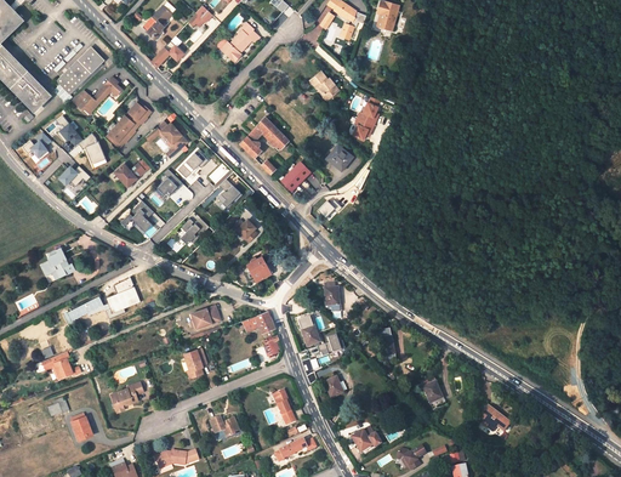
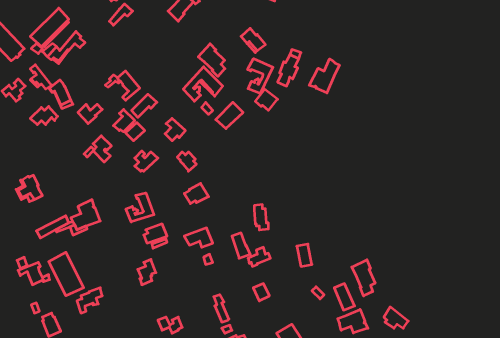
building: none -> [198,44,225,76]
building: [109,102,152,148] -> none
building: none -> [248,59,273,93]
building: none -> [309,59,339,93]
building: none -> [126,193,154,222]
building: none -> [49,252,84,296]
building: none -> [352,260,375,296]
building: none -> [338,309,368,333]

